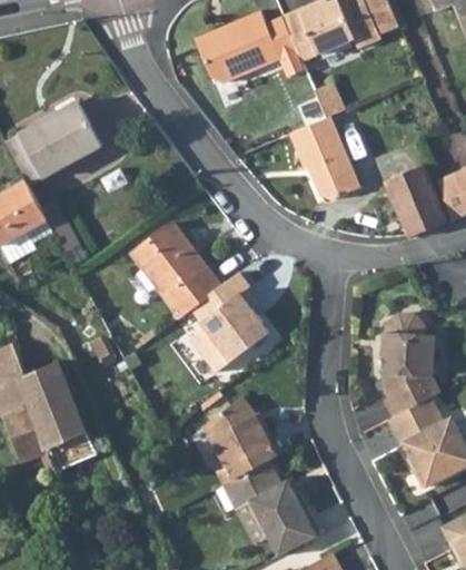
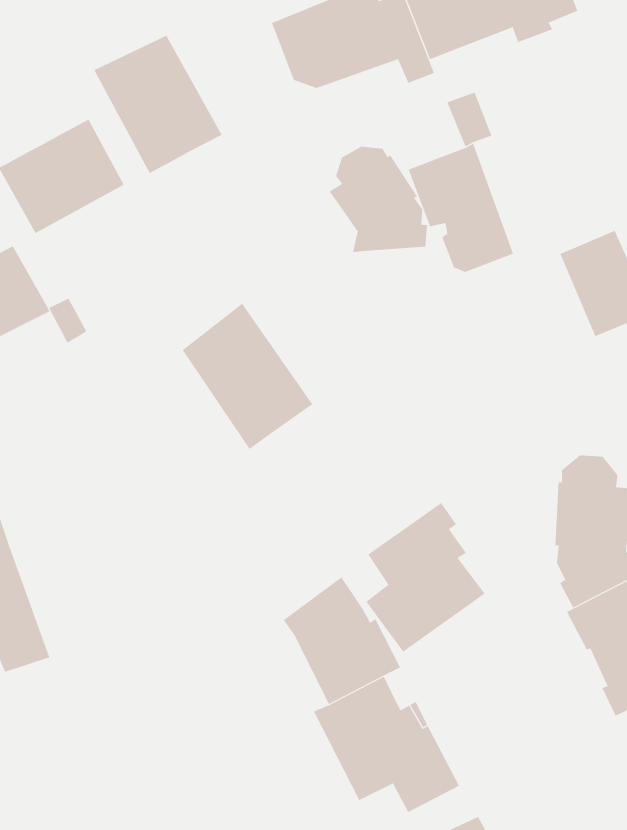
building: none -> [94,35,222,174]
building: none -> [329,146,428,253]
building: [192,271,271,370] -> [366,502,485,653]
building: [23,364,97,472] -> none

